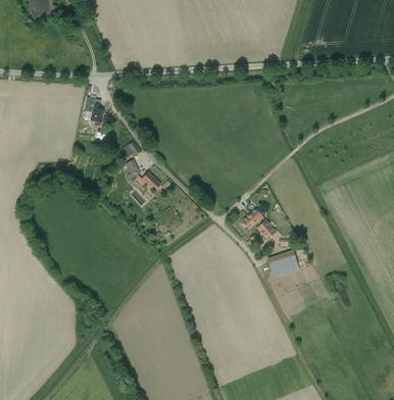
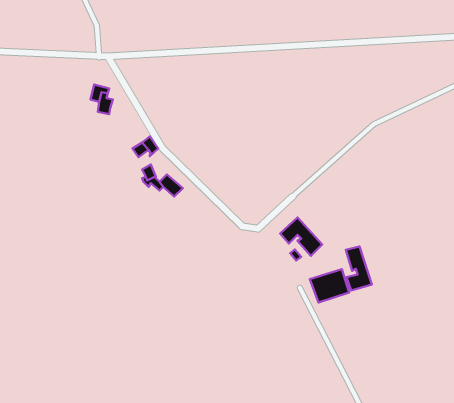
building: none -> [346,246,372,291]

